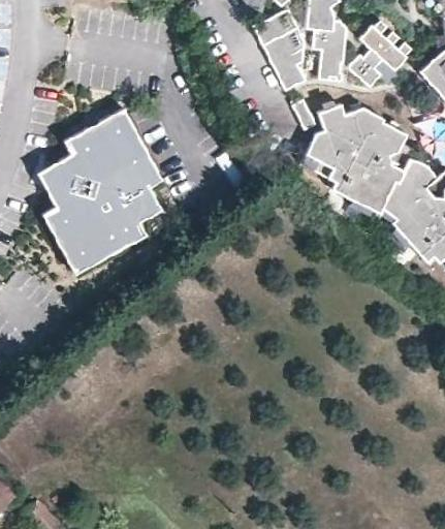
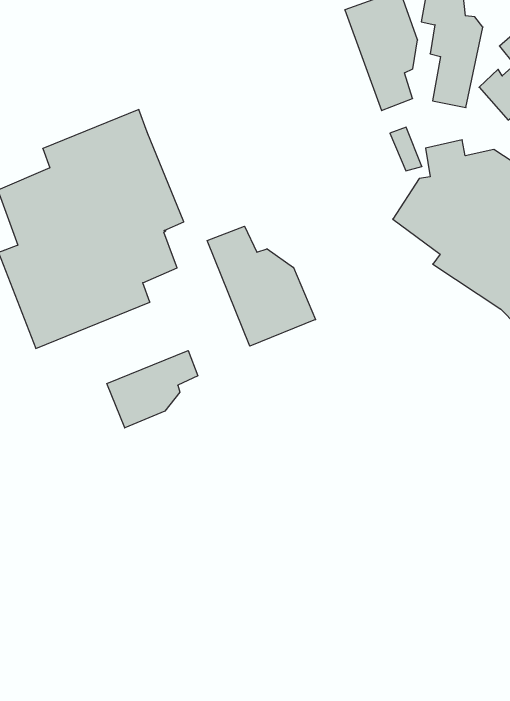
building: none -> [207,226,316,346]
building: none -> [107,351,198,428]

